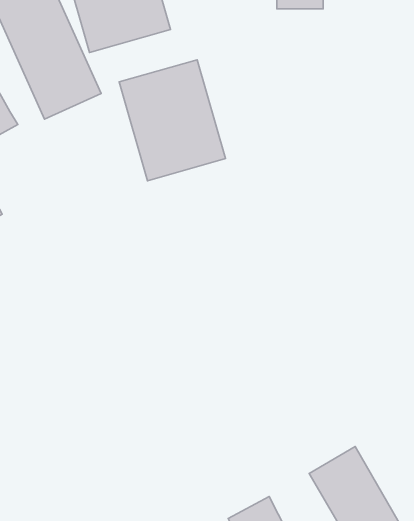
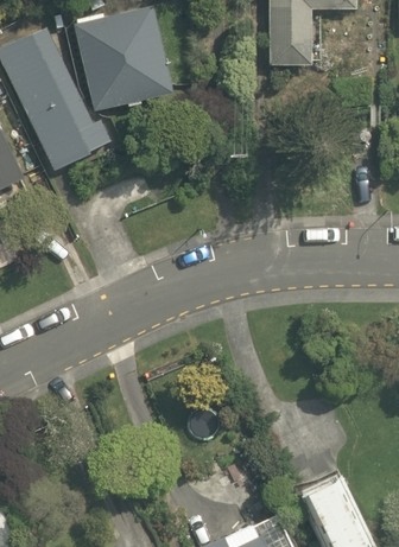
building: [119,60,225,181] -> none

